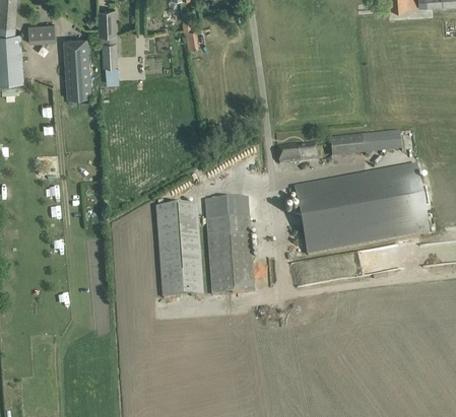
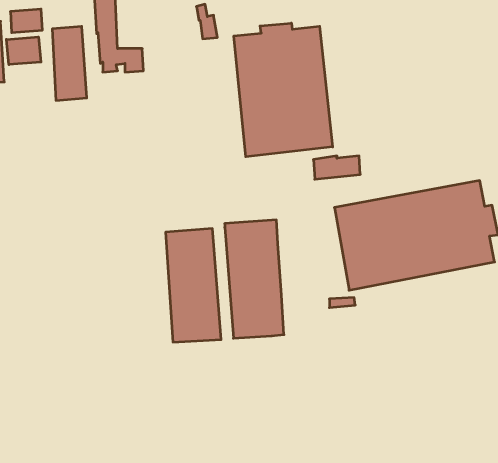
building: none -> [234,23,333,157]
building: none -> [6,37,41,65]
building: [330,131,401,155] -> none

